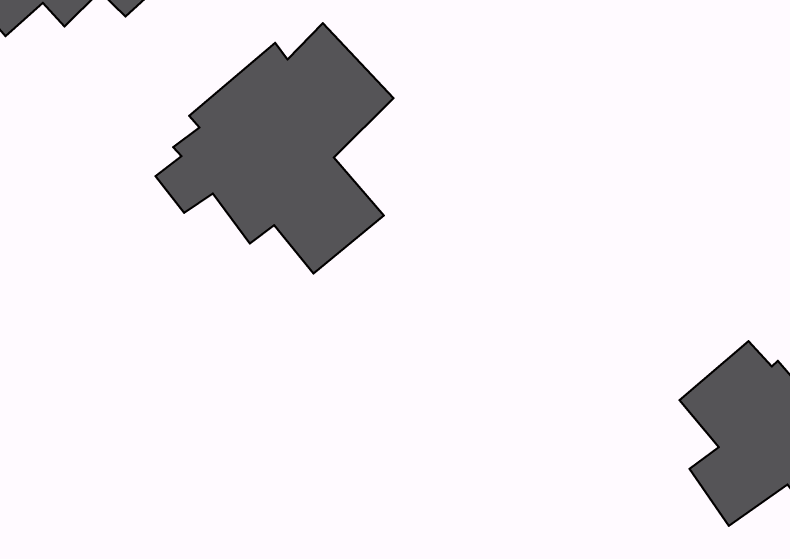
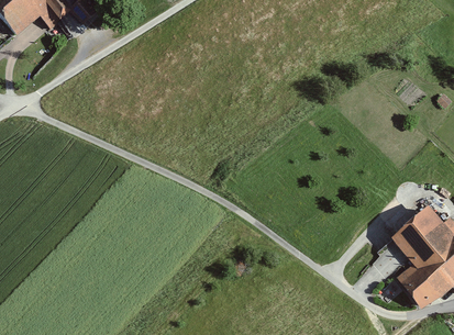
building: [155,23,394,273] -> none

